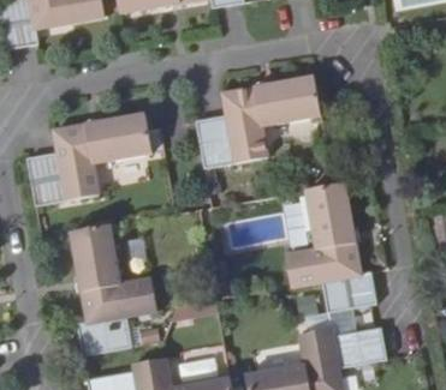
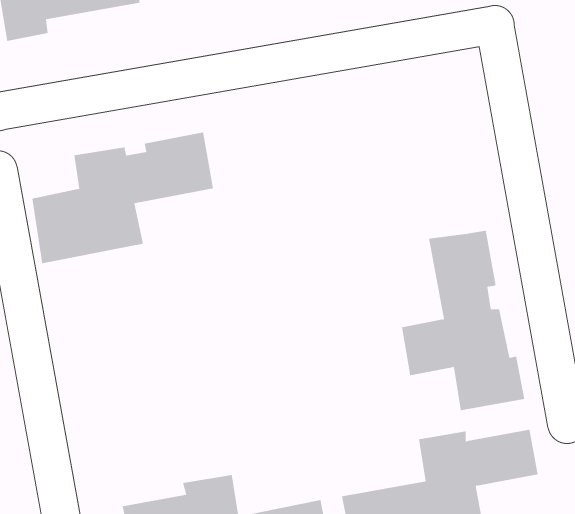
building: [197,74,322,167] -> none
building: [70,222,157,355] -> none

